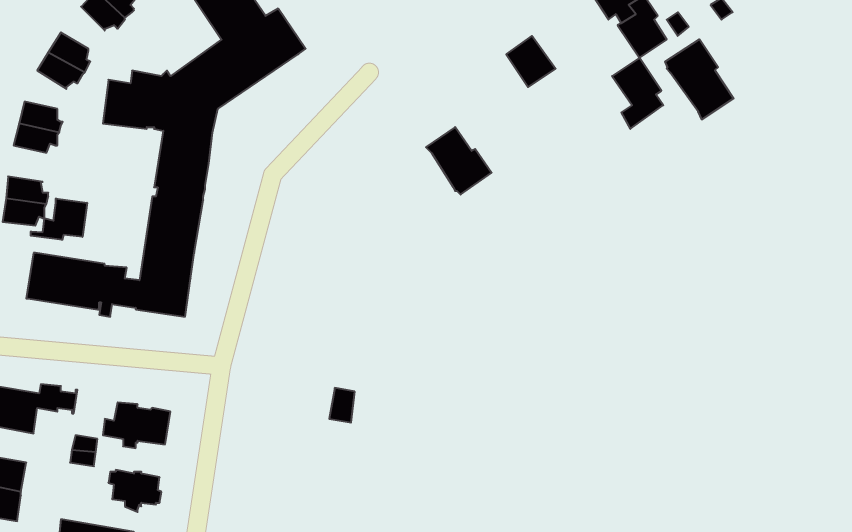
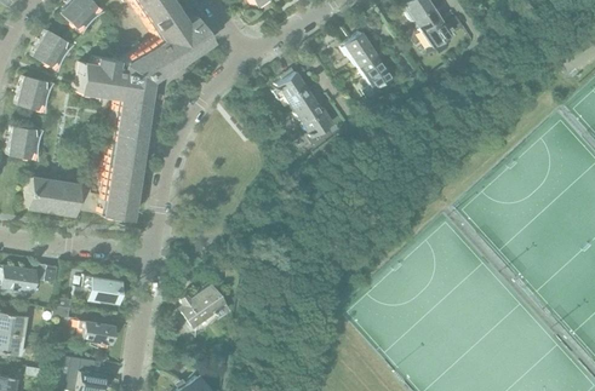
building: [665,39,734,120] -> none
building: [612,58,663,129] -> [361,54,395,102]
building: none -> [276,69,313,107]
building: [31,198,87,240] -> none
building: none -> [182,286,230,328]

